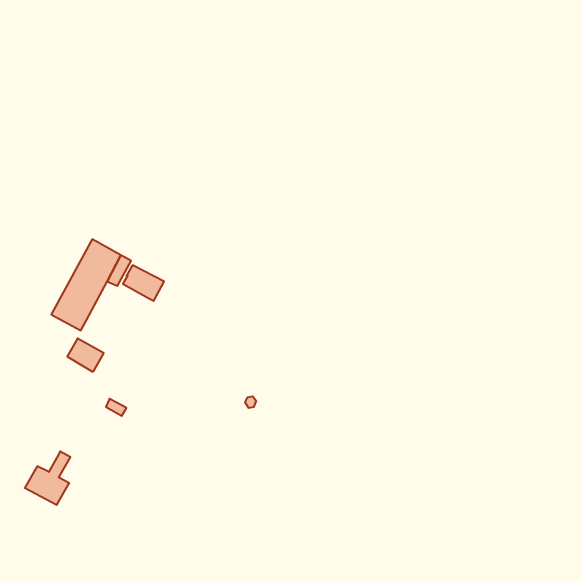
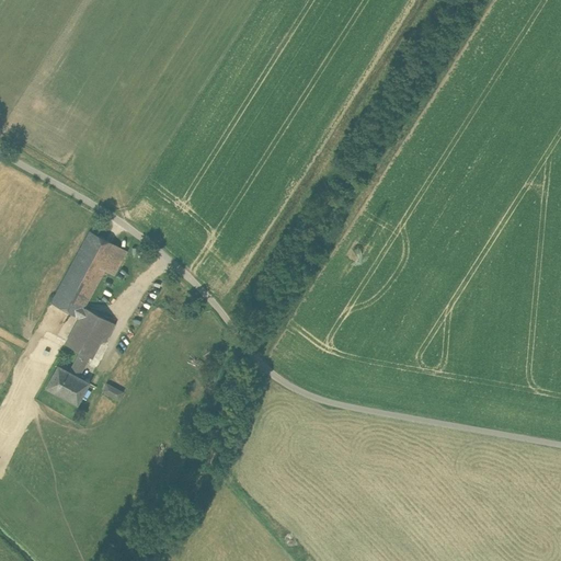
building: [123,266,164,301] -> [75,309,114,343]
building: [25,451,70,505] -> [45,353,89,404]

